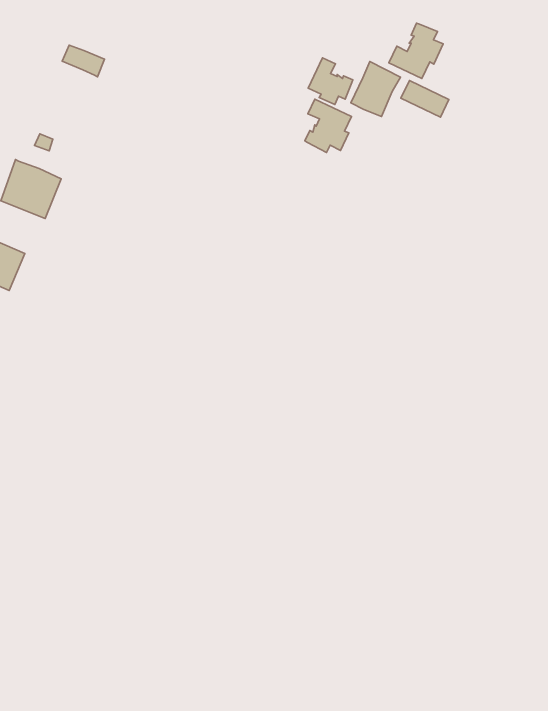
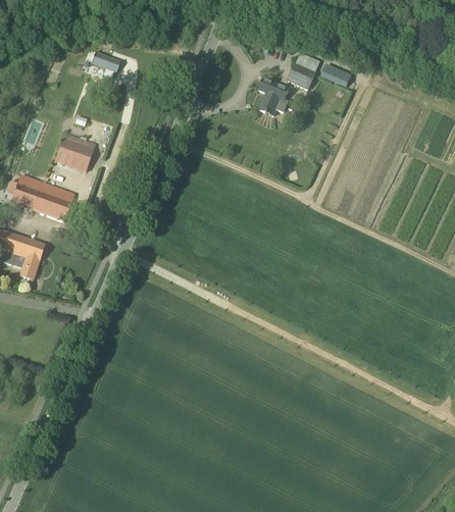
building: [389,23,443,79] -> none
building: [308,58,353,105] -> none

